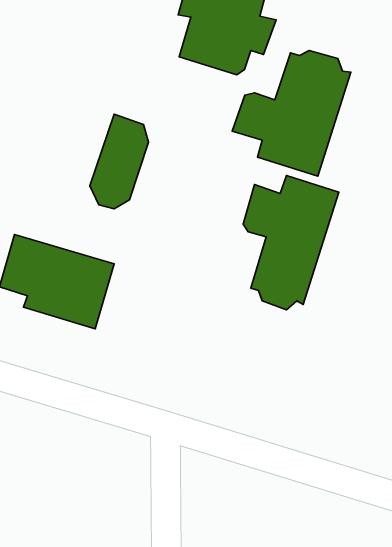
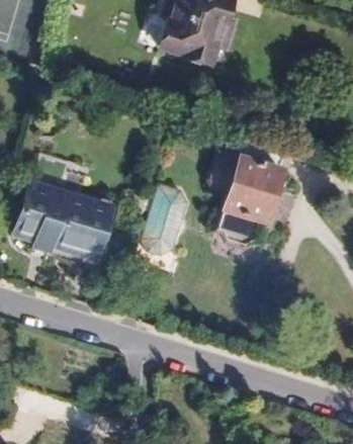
building: [232,50,351,176] -> none
building: [90,114,149,209] -> [141,182,187,257]

